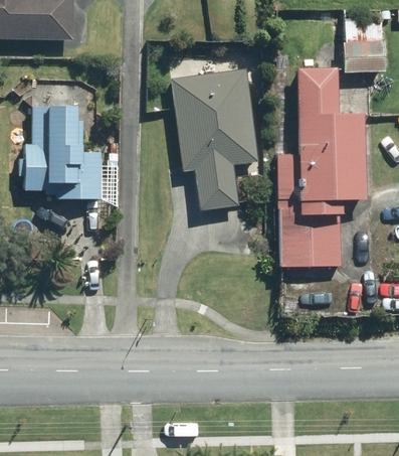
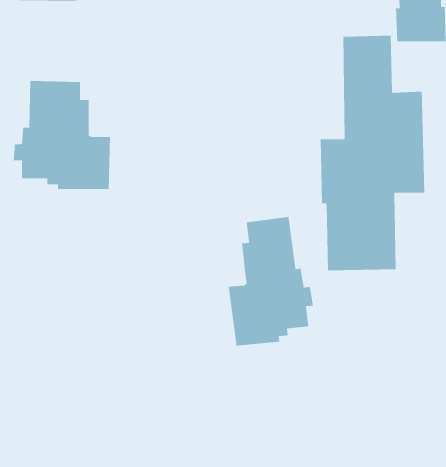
building: [171,69,257,210] -> none
building: none -> [228,216,314,347]

